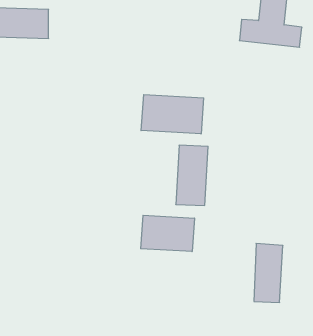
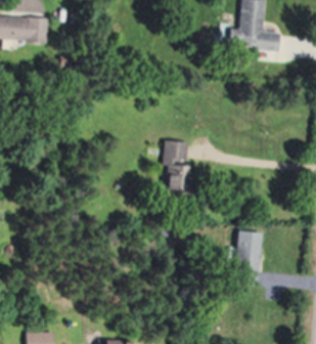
building: [141,95,204,134] -> none
building: [141,215,194,252] -> none

